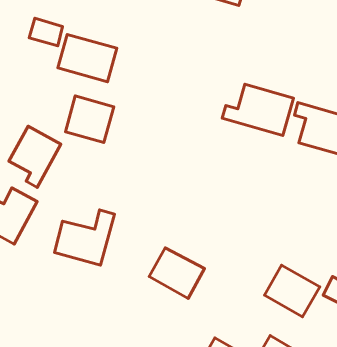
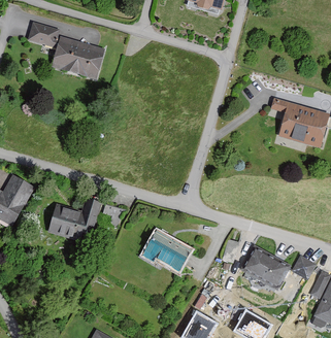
building: [222,84,294,135] -> none
building: [65,96,114,143] -> none
building: [9,126,61,188] -> none

